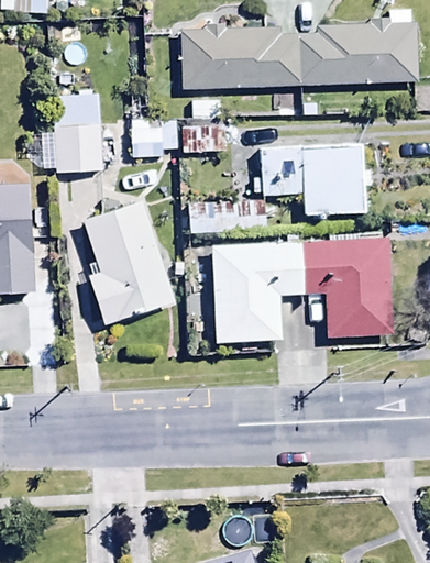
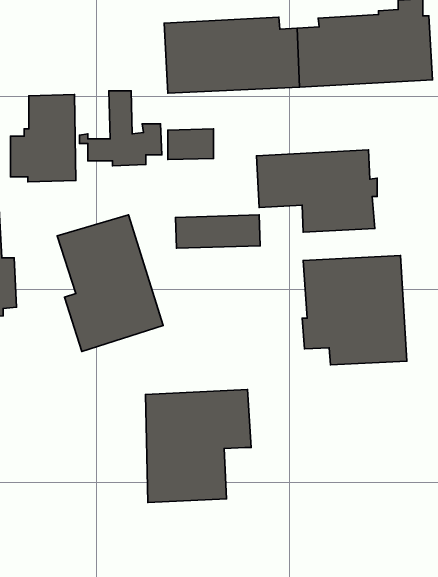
building: [211,242,306,343] -> [145,390,251,503]

